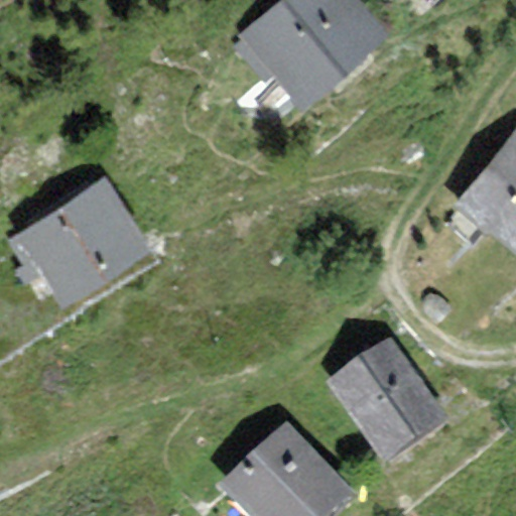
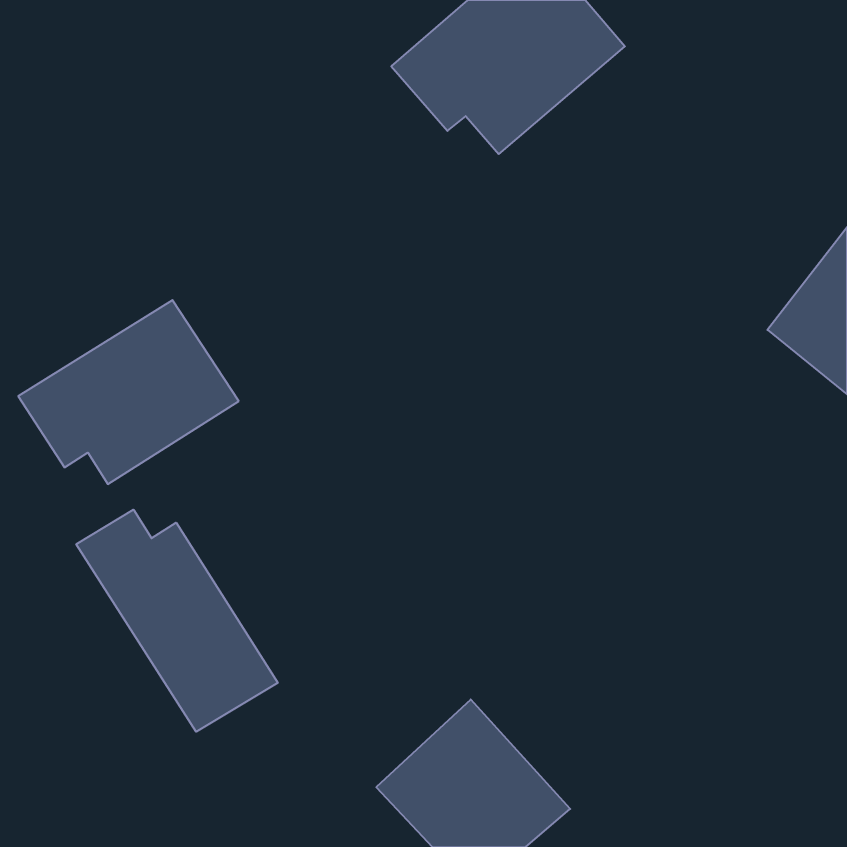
building: none -> [76,510,278,732]
building: [336,342,441,453] -> none

